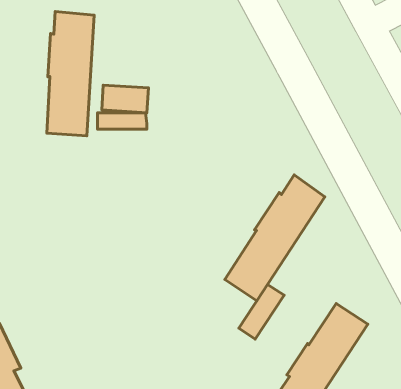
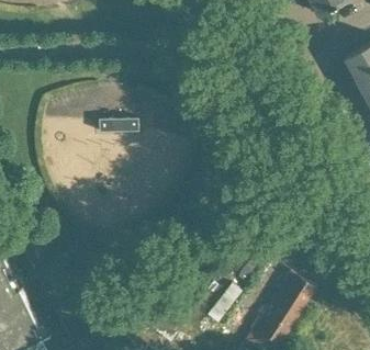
building: [47,11,94,136] -> none
building: [225,175,325,301] -> none

